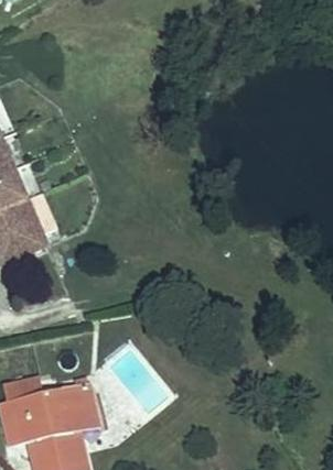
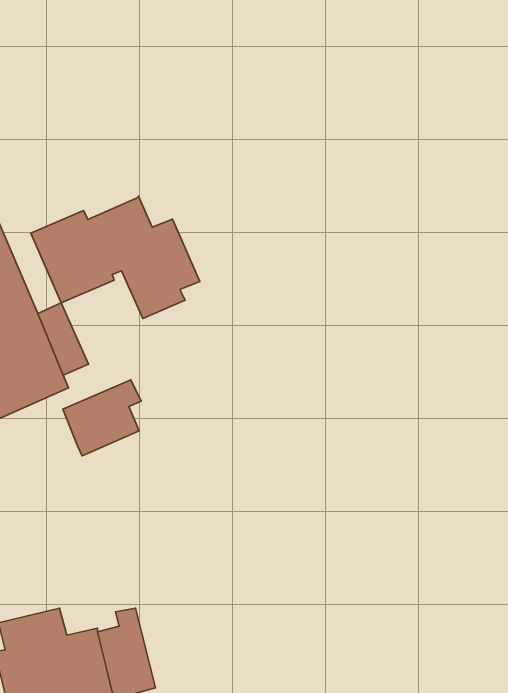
building: none -> [31,196,200,318]
building: none -> [63,380,141,456]

